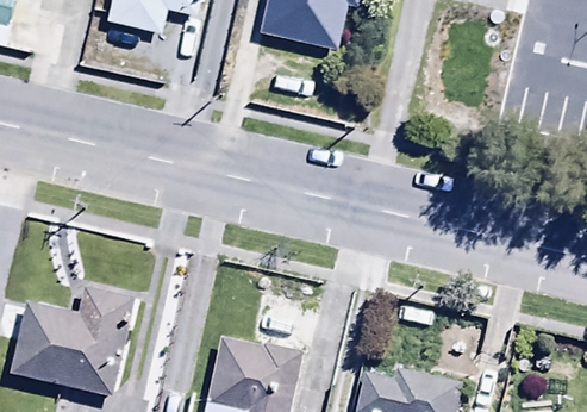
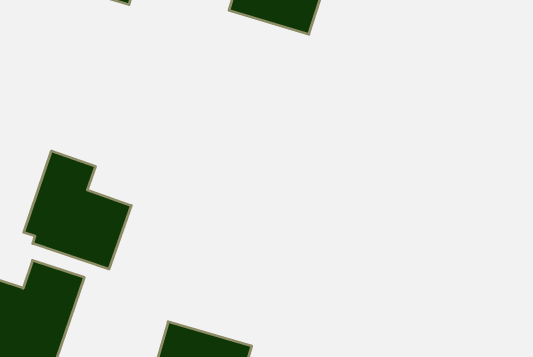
building: none -> [24,151,131,269]

